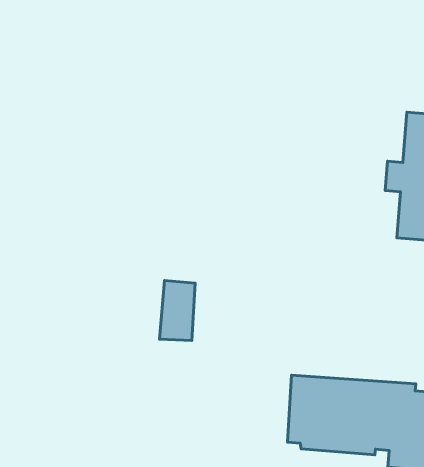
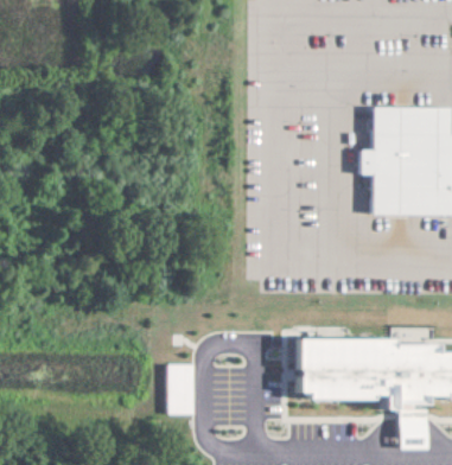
building: [160,281,195,340] -> [168,365,196,415]

